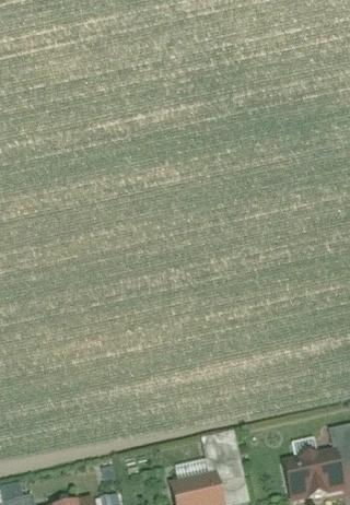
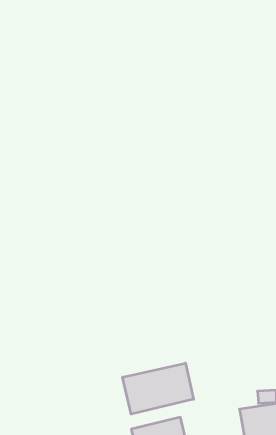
building: none -> [123,363,194,414]

